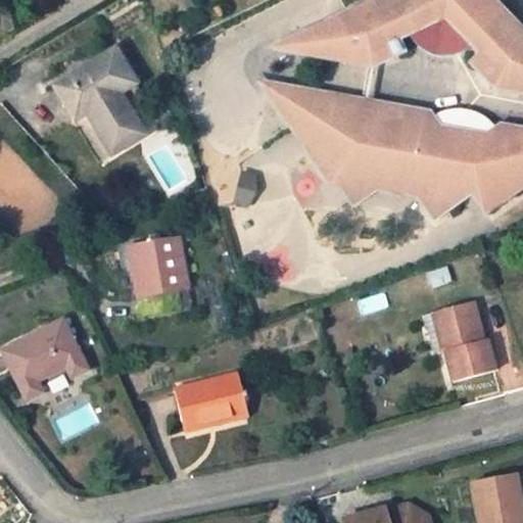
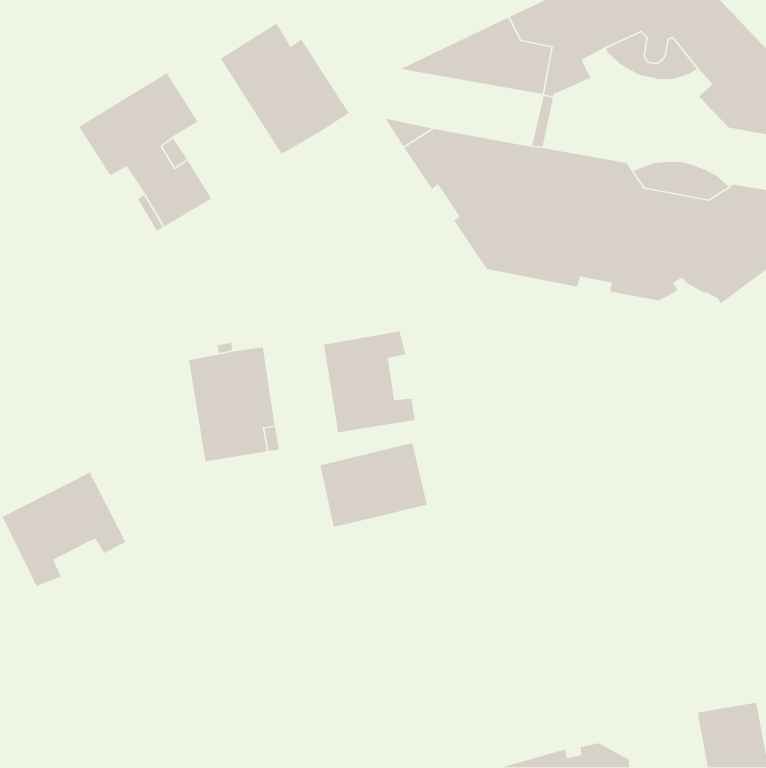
building: none -> [220,23,350,155]
building: none -> [323,331,415,433]
building: [426,301,496,381] -> none
building: [176,372,249,430] -> [320,442,428,528]

